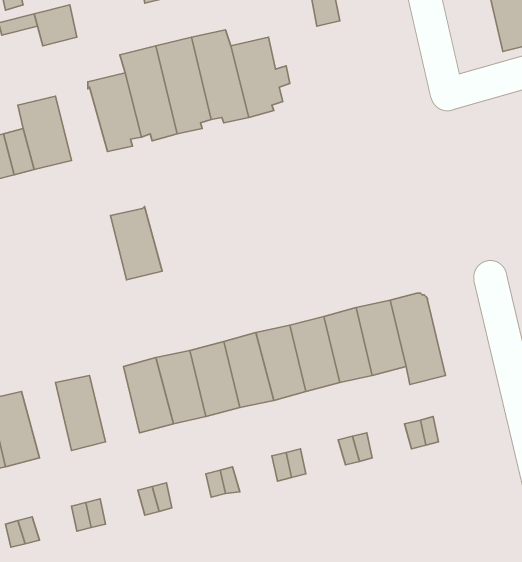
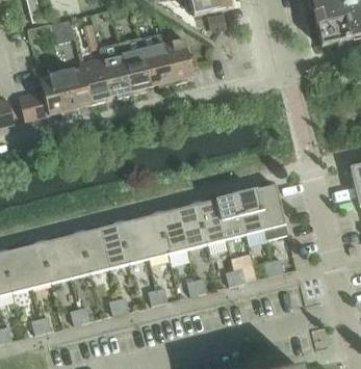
building: [110,207,162,280] -> [60,65,91,108]
building: none -> [80,228,109,271]
building: none -> [41,237,70,281]

